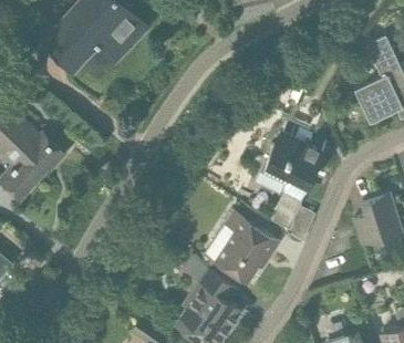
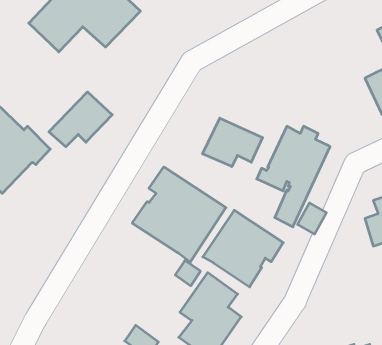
building: none -> [49,92,112,147]
building: none -> [203,118,263,167]
building: none -> [132,167,226,262]

